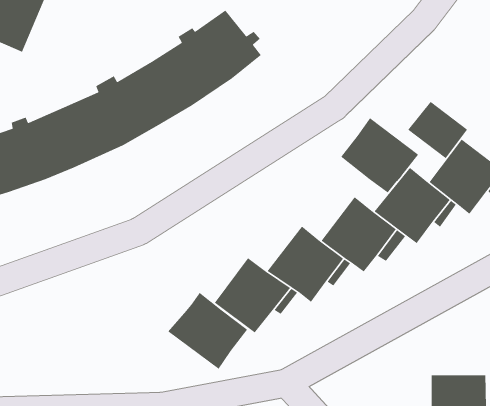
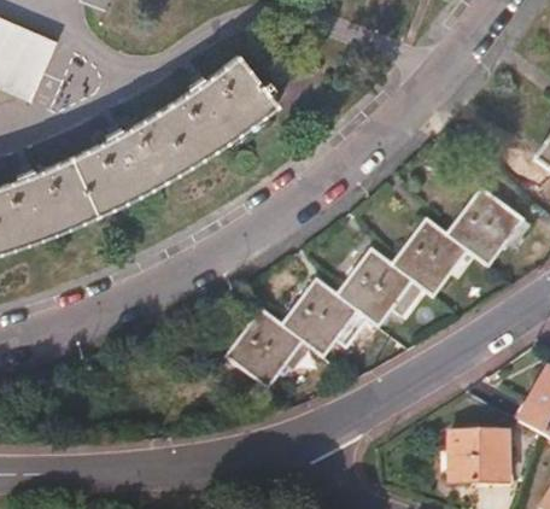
building: [407,101,468,159] -> none
building: [340,117,419,193] -> none
building: [167,292,248,370] -> none

